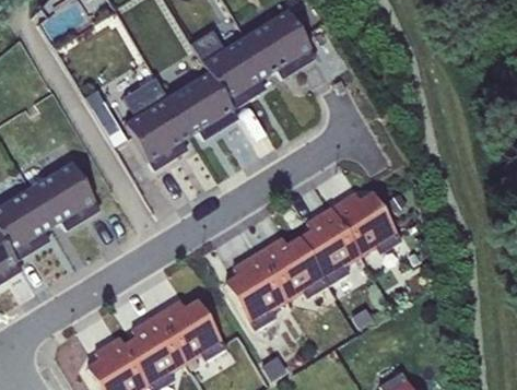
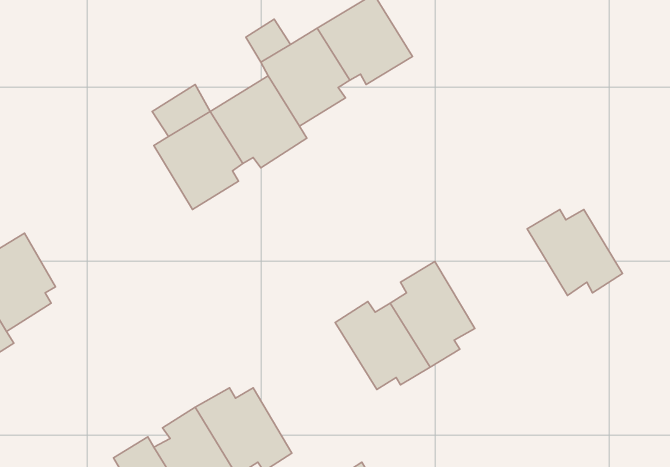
building: [30,161,99,227] -> none
building: [331,192,401,256] -> [527,209,622,296]
building: [225,251,289,330] -> none

